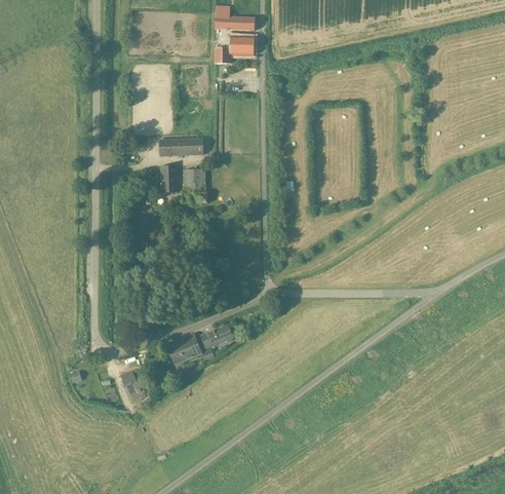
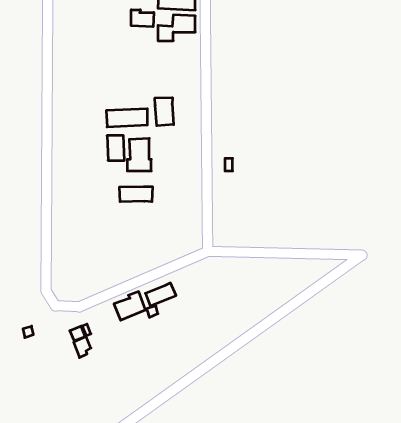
building: none -> [131,10,154,27]
building: none -> [155,98,174,126]
building: none -> [120,187,152,202]

